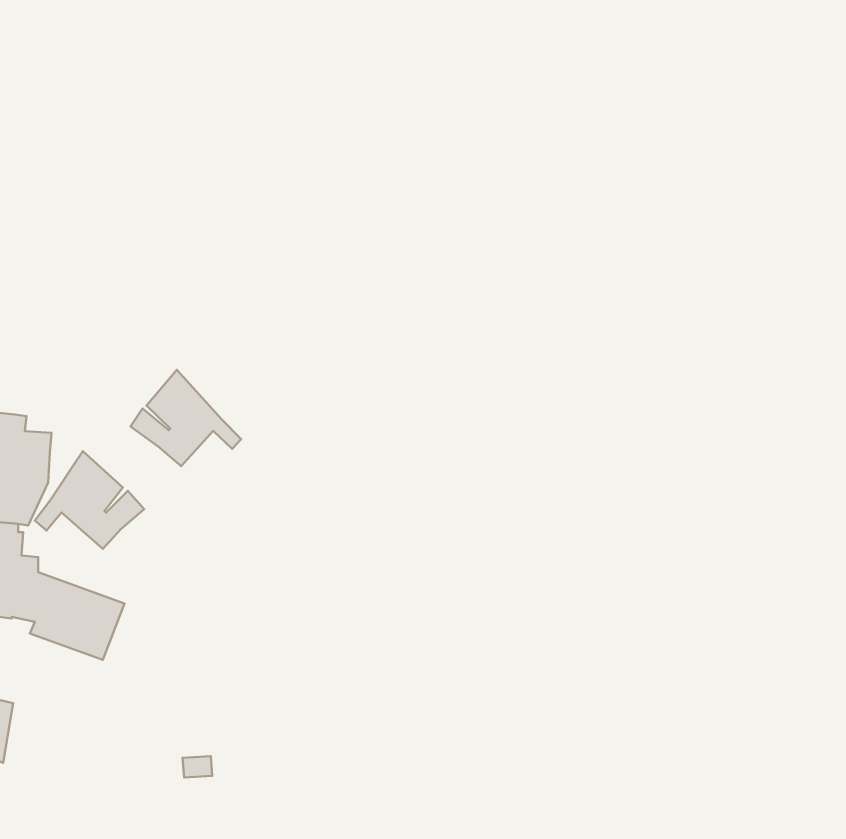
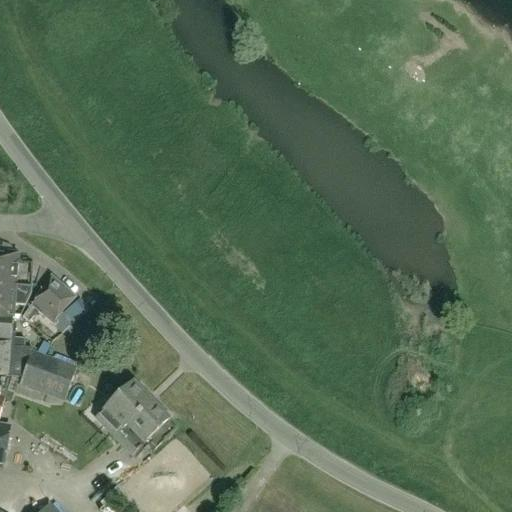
building: [130,370,241,466] -> none
building: none -> [94,378,173,452]

